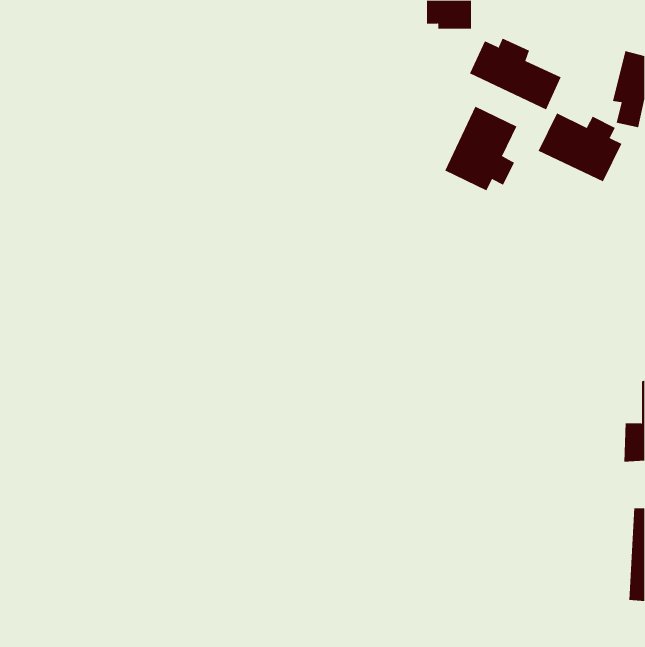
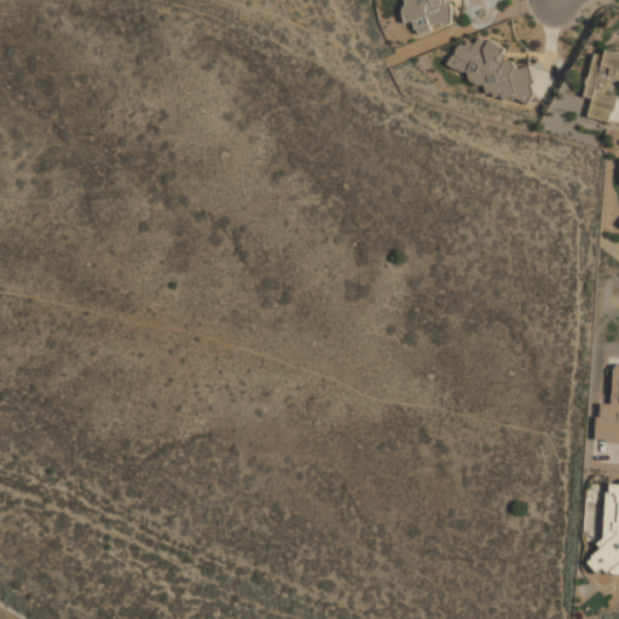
building: [444,106,517,191] -> none
building: [538,113,622,182] -> none

